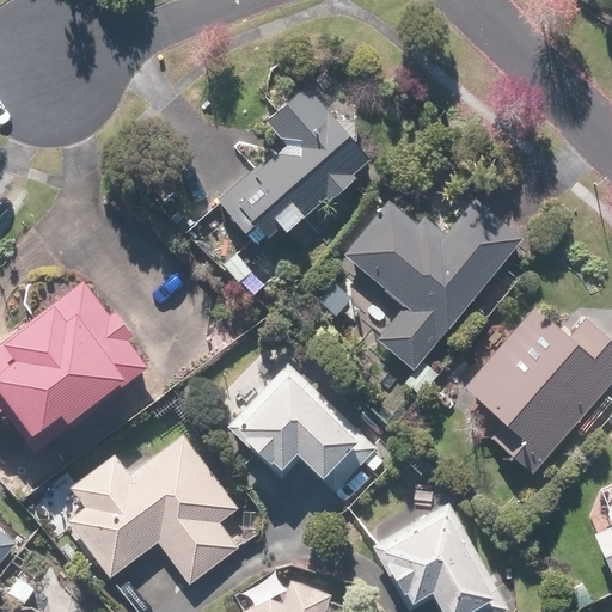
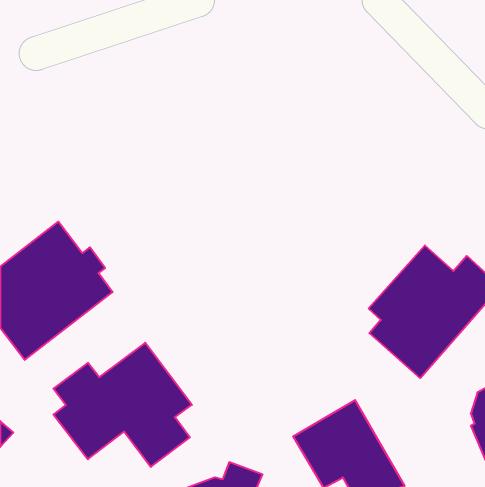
building: [221,87,372,245] -> none
building: [343,200,522,369] -> none
building: [228,365,379,494] -> none

